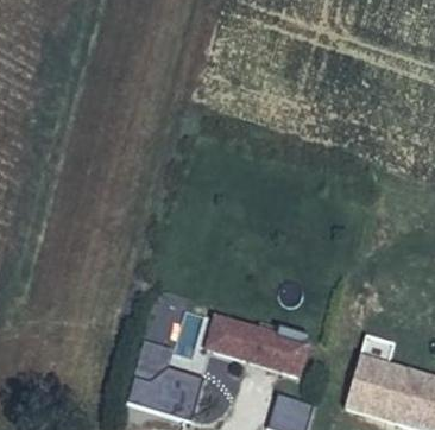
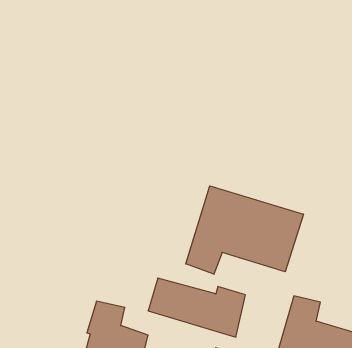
building: none -> [186,186,303,274]

